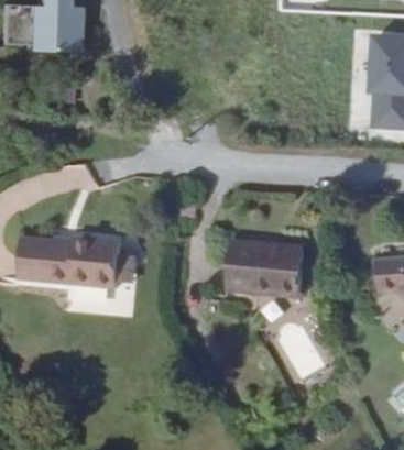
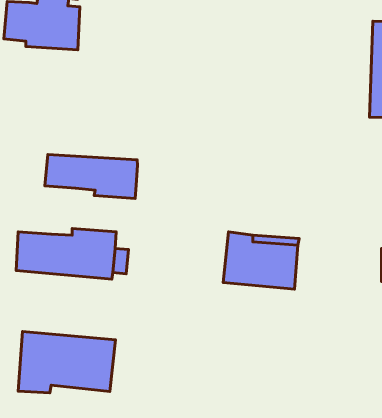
building: none -> [45,154,137,199]
building: none -> [18,331,115,393]

